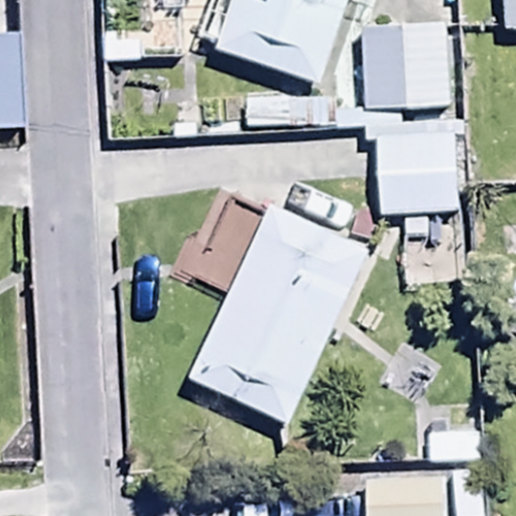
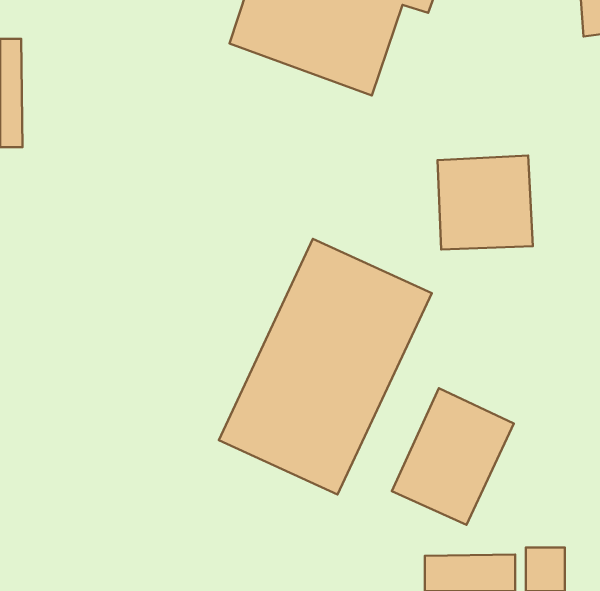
building: [362,26,448,107] -> none
building: none -> [392,388,514,525]

